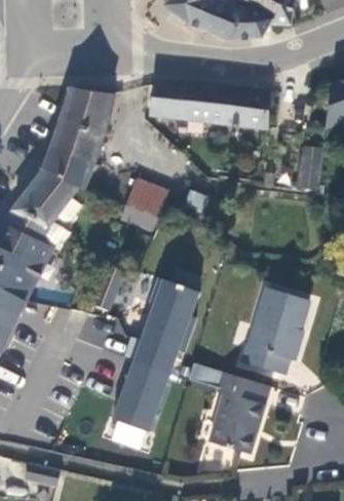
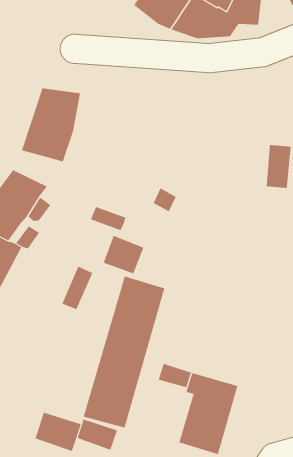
building: [149,82,270,129] -> none
building: [45,151,93,189] -> none
building: [126,179,167,218] -> [103,235,144,274]
building: [242,288,308,375] -> none
building: none -> [35,412,81,452]

